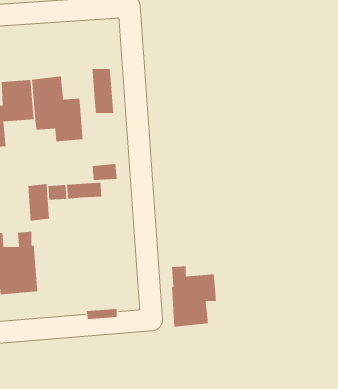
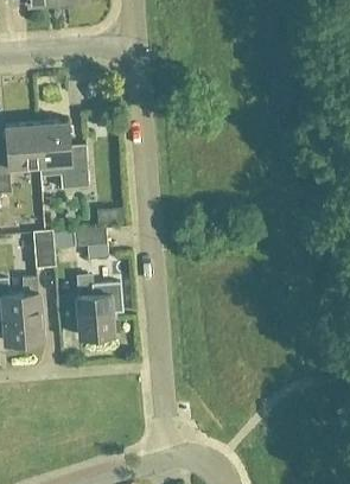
building: [91,68,114,114] -> none
building: [171,265,217,327] -> [76,275,122,338]

